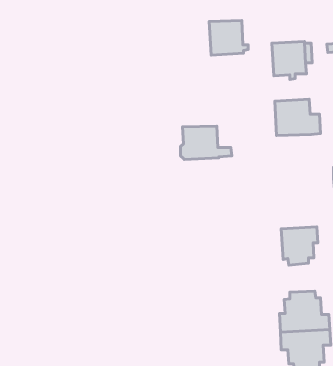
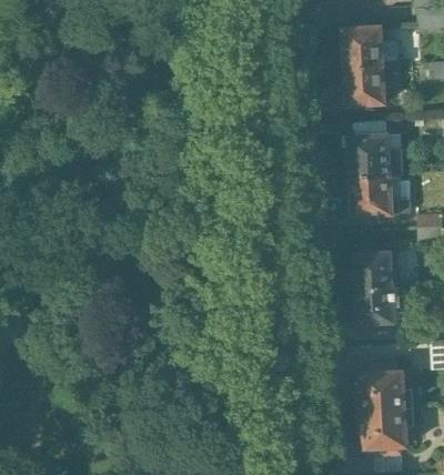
building: [209,21,248,55] -> [343,26,390,67]
building: [181,126,232,160] -> [349,175,410,215]
building: none -> [354,243,398,287]

